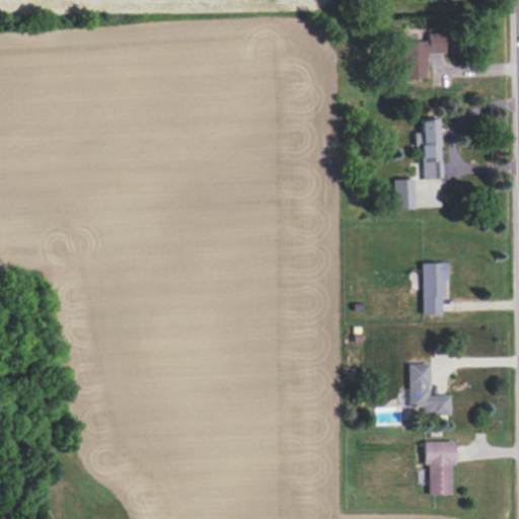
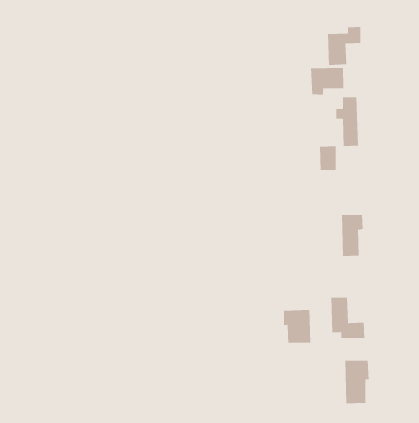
building: none -> [311,67,344,95]
building: none -> [283,309,311,343]

